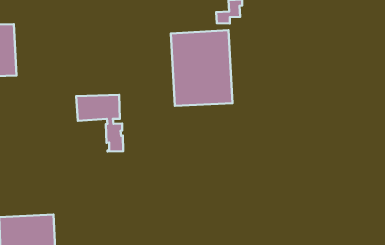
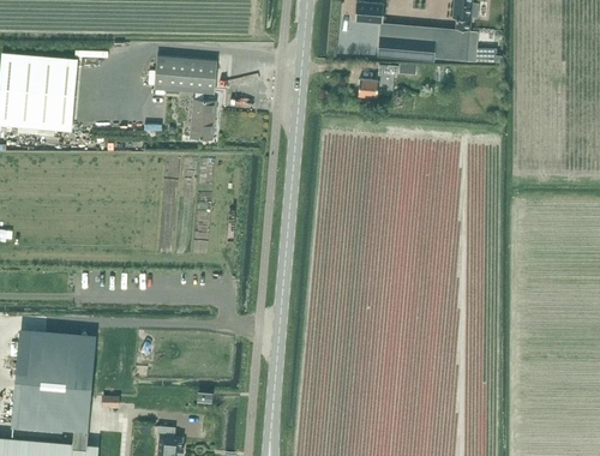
building: [171,30,232,106] -> none
building: [76,95,123,151] -> [155,56,217,142]

